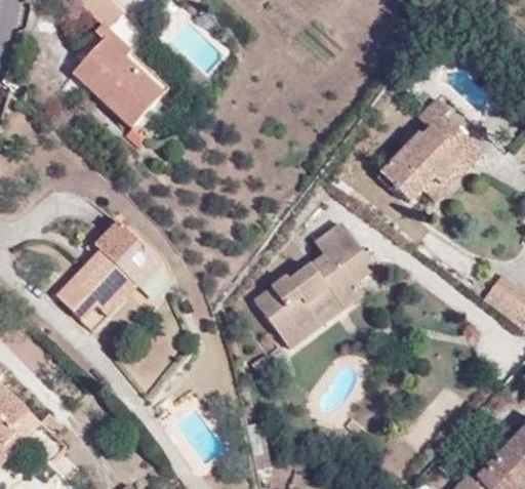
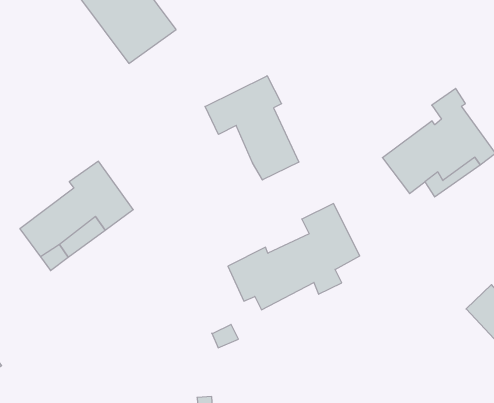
building: none -> [205,76,299,180]
building: [274,298,341,348] -> none

